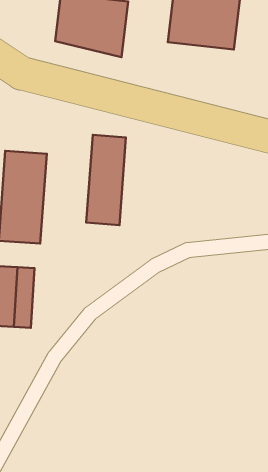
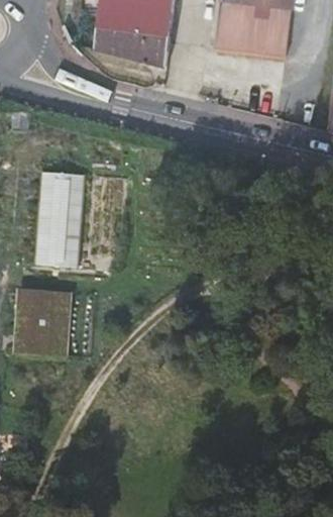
building: [86,135,126,225] -> none

